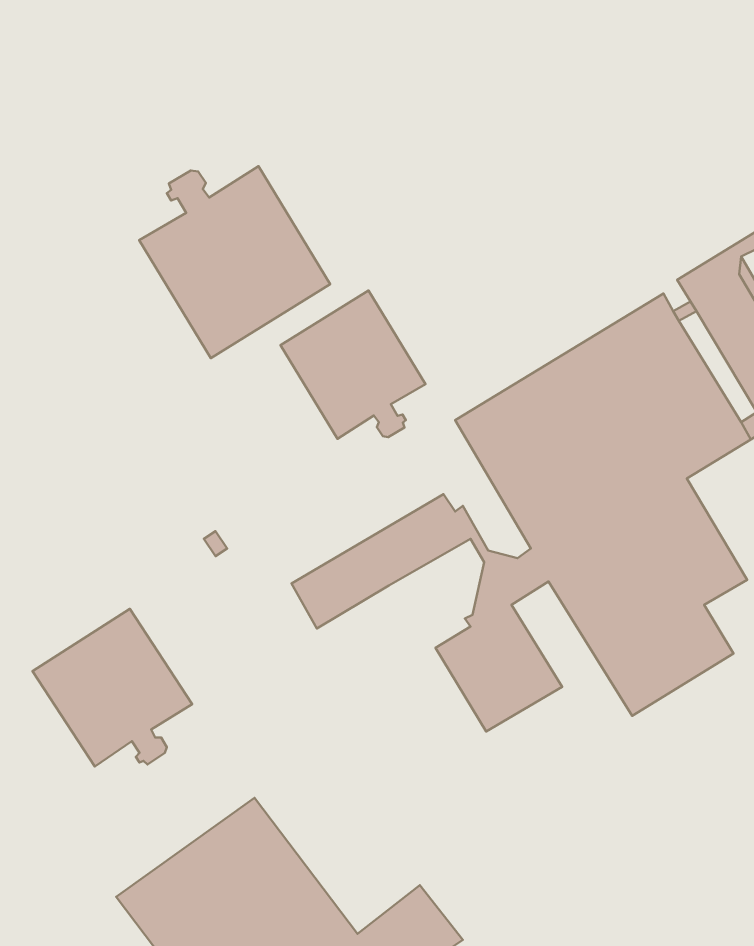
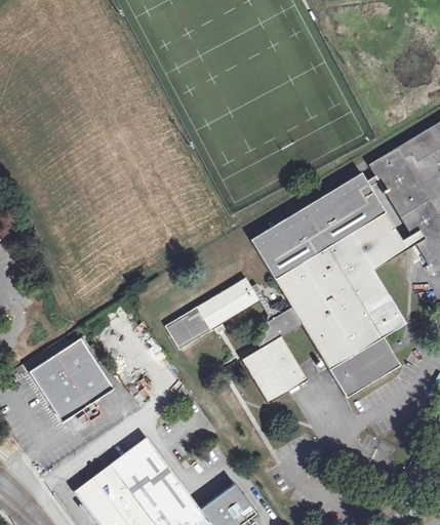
building: [139,166,330,358] -> none
building: [280,290,426,439] -> none

